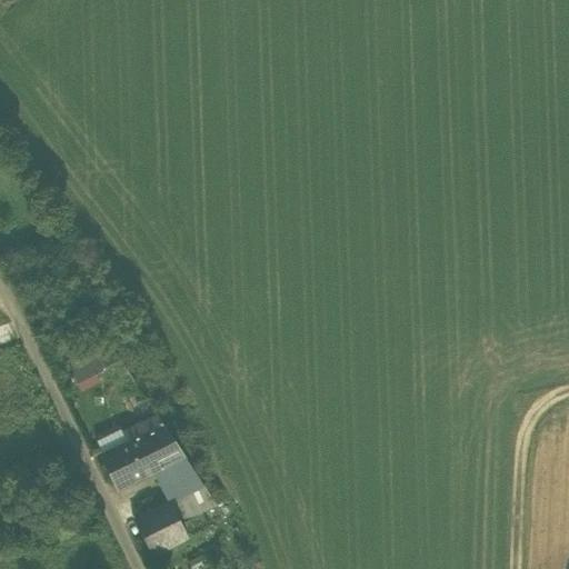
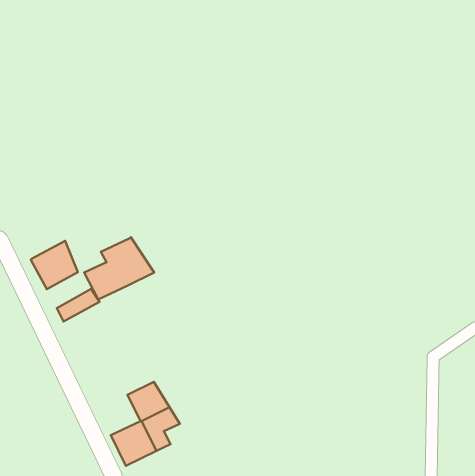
building: none -> [31,241,78,289]
building: [100,413,183,488] -> [84,237,154,299]

